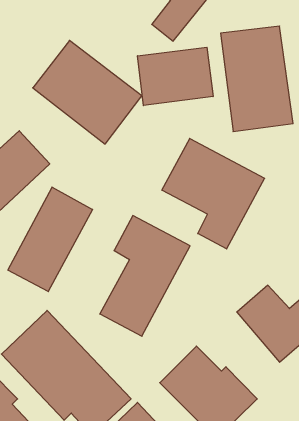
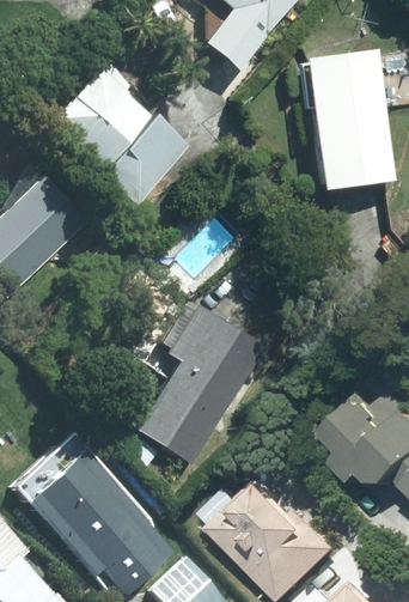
building: [138,47,213,106] -> none
building: [162,138,265,249] -> none
building: [8,187,93,292] -> none

